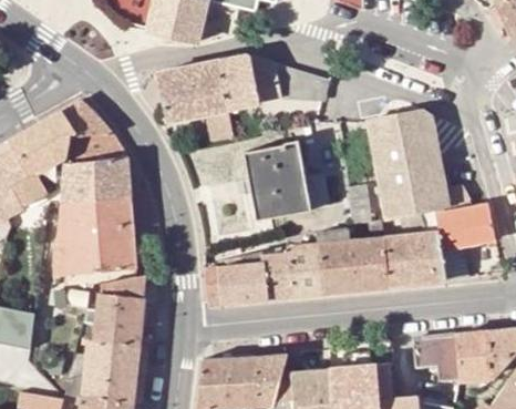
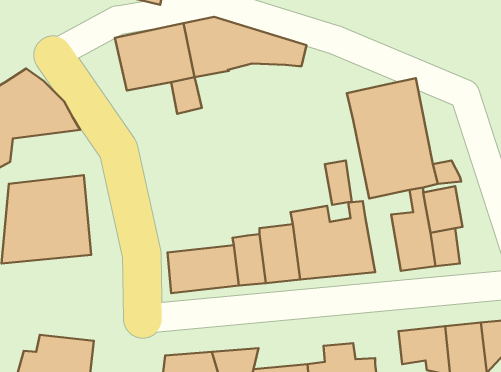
building: [248,147,332,227] -> none
building: [62,156,130,205] -> none
building: [464,203,496,244] -> none
building: [383,233,415,285] -> none
building: [80,276,145,347] -> none

